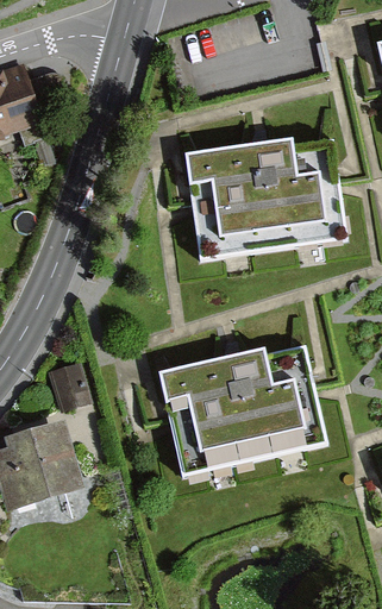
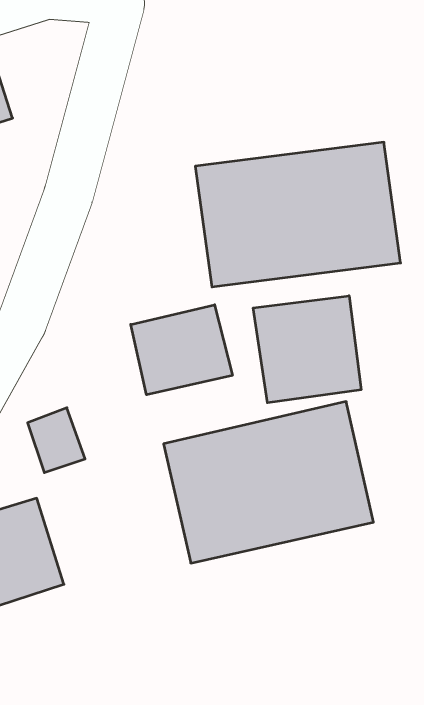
building: none -> [253,296,361,403]
building: none -> [131,305,232,395]

